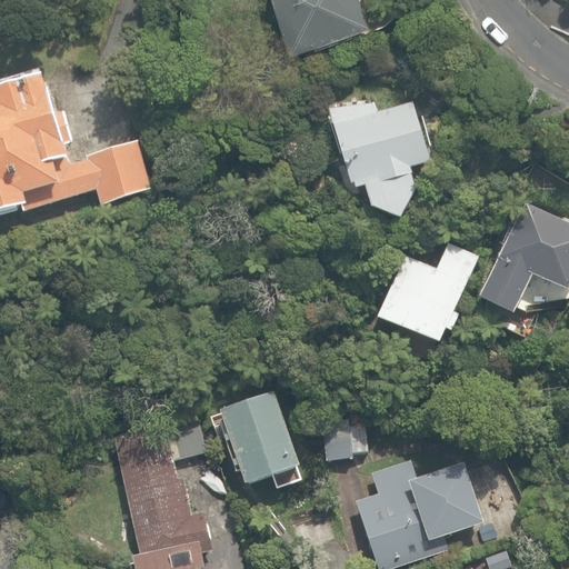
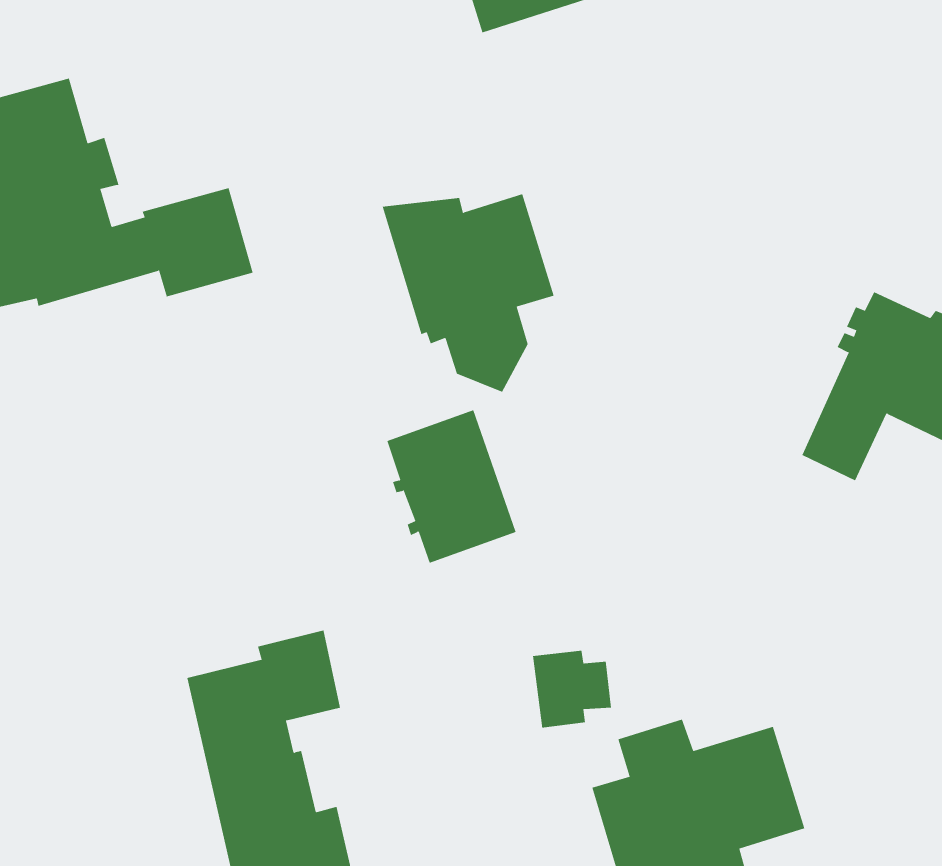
building: [327,99,430,218] -> [382,194,555,392]
building: [377,242,478,343] -> none
building: [220,391,298,483] -> [386,409,517,564]

